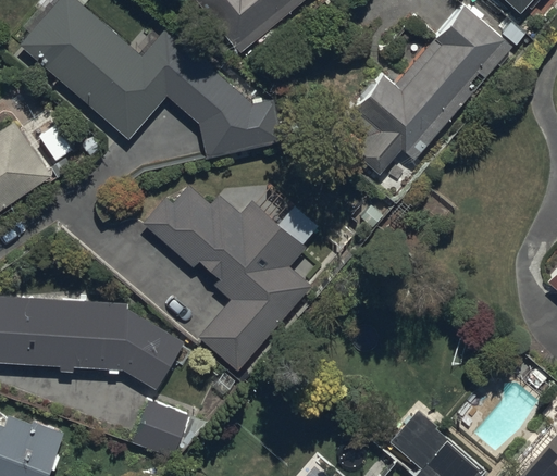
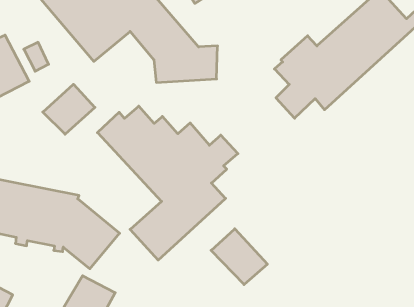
building: none -> [43,84,95,134]
building: none -> [211,229,267,285]

